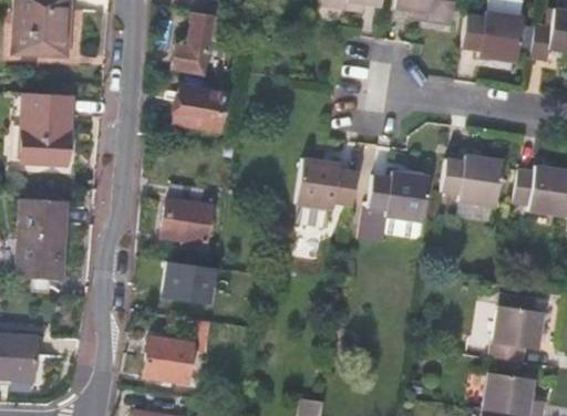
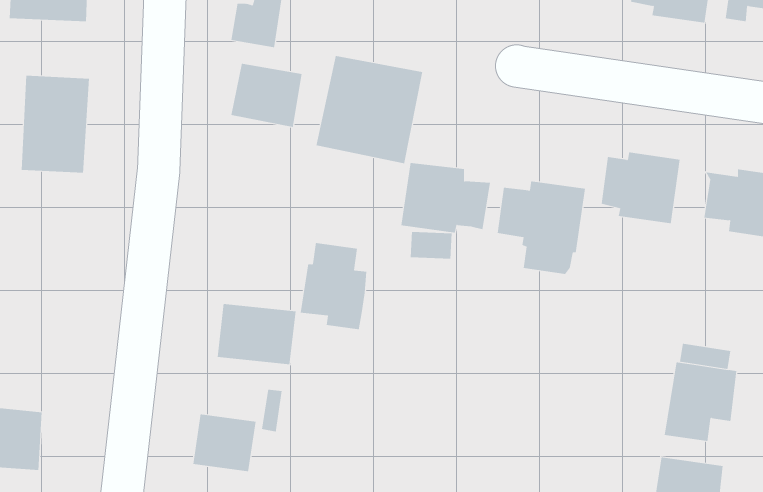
building: none -> [316,55,423,164]
building: [162,187,210,250] -> [300,242,367,330]
building: [17,199,66,280] -> none

